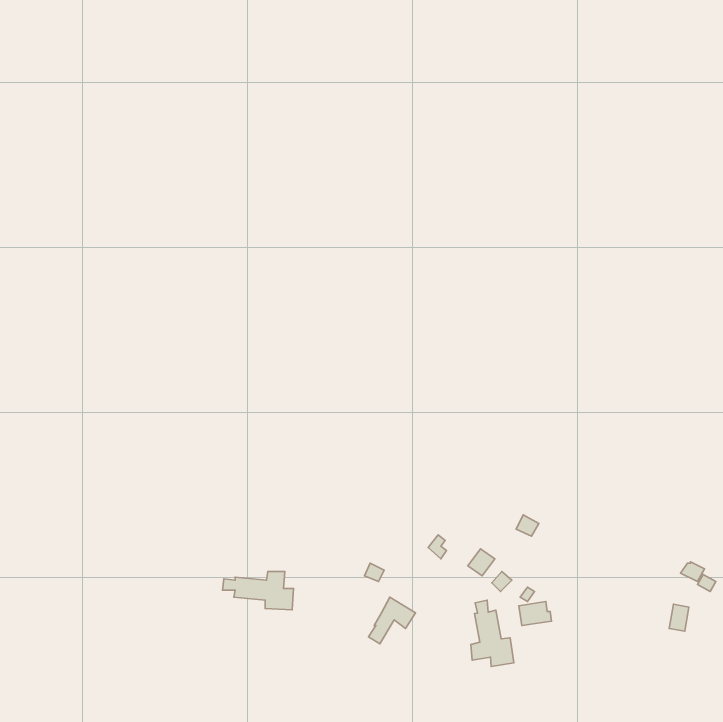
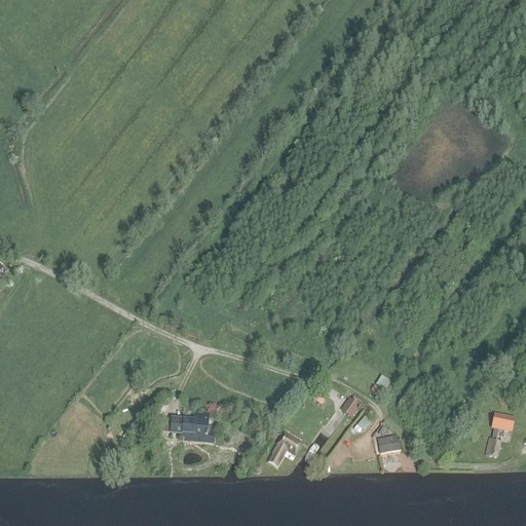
building: [471,600,514,666] -> none

